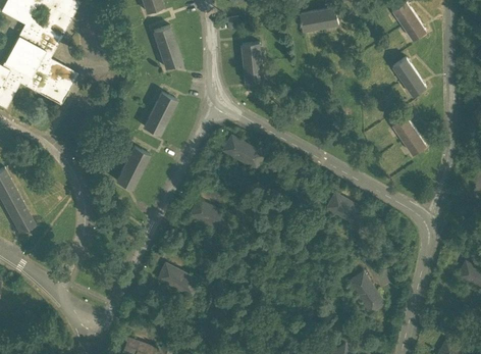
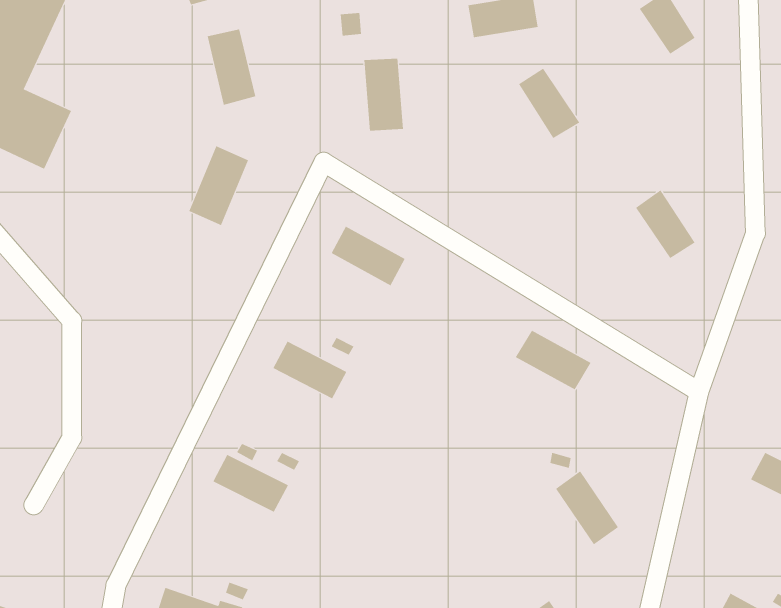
building: [391,56,426,96] -> [518,68,580,139]
building: [115,146,150,188] -> none

